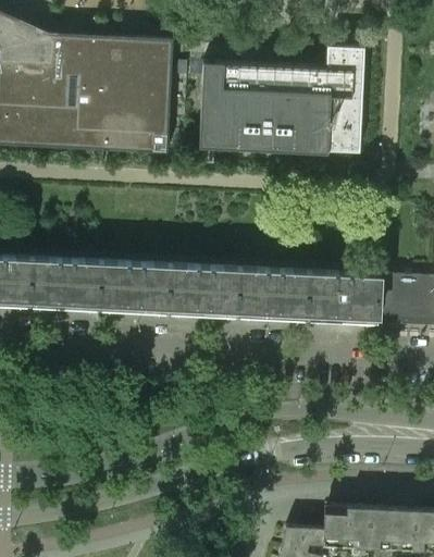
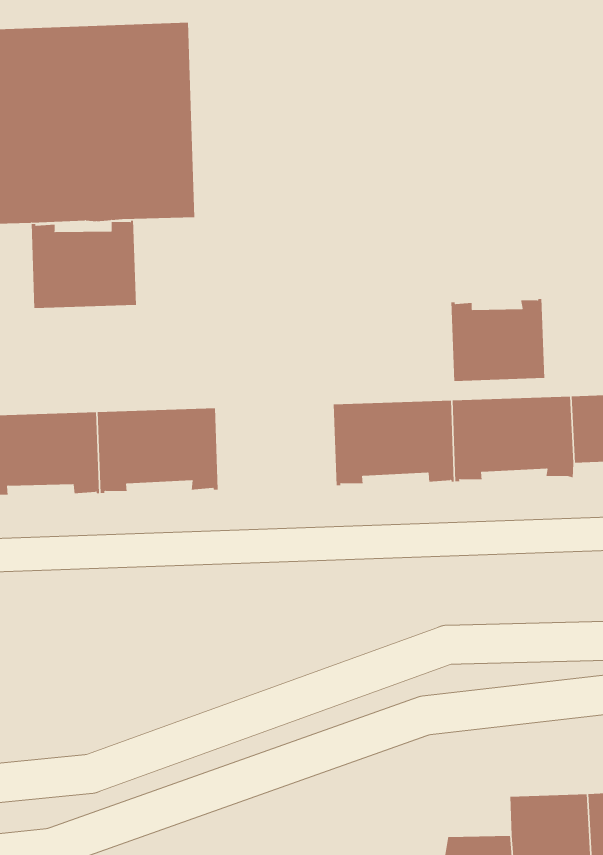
building: [198,48,362,154] -> none
building: none -> [31,220,136,309]
building: none -> [451,298,545,382]
building: [168,267,238,318] -> none

